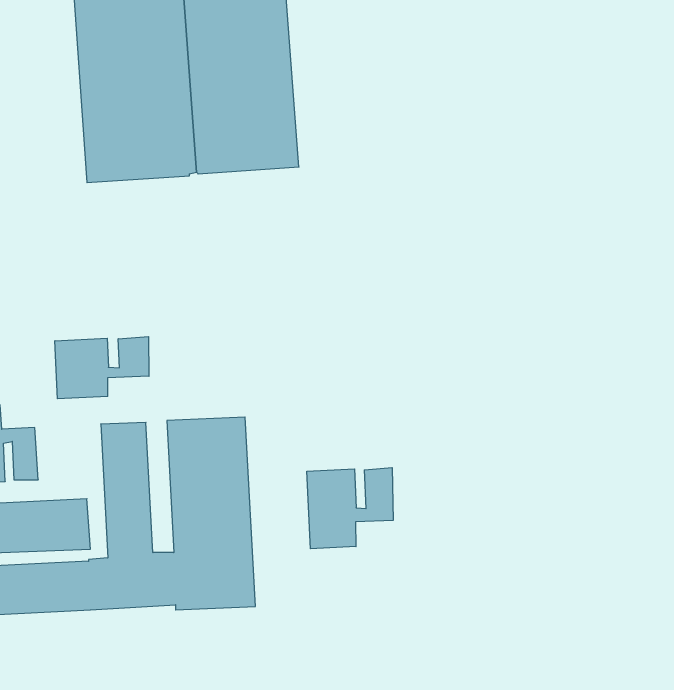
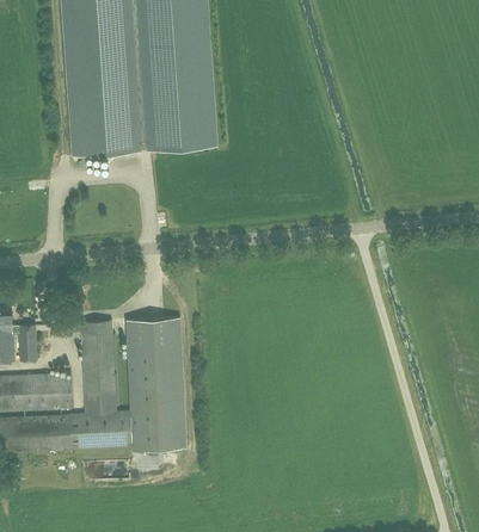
building: [55,337,149,399] -> none
building: [307,468,393,549] -> none

